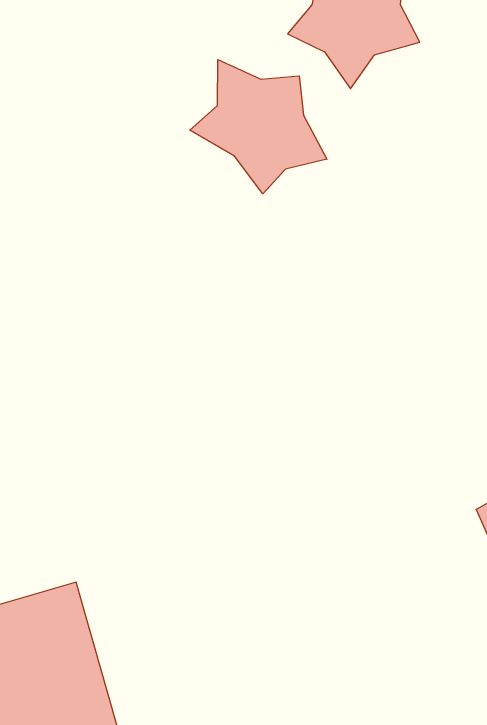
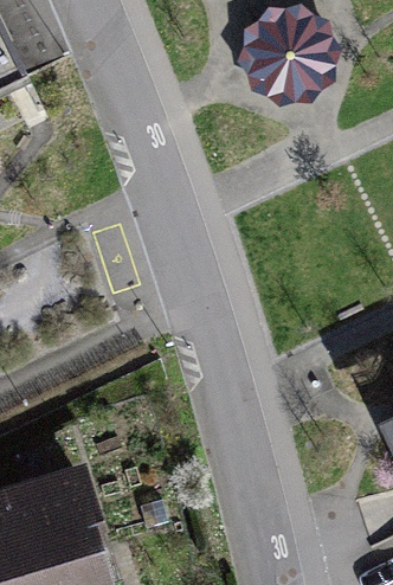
building: [190,60,327,194] -> none

